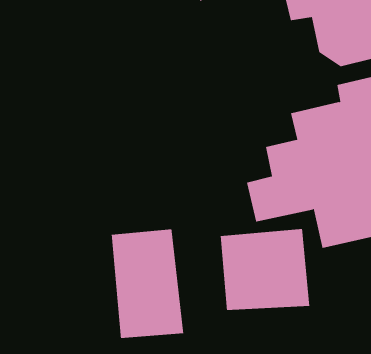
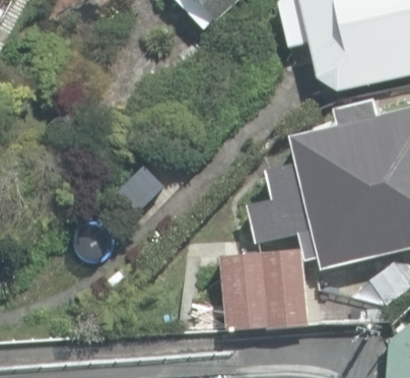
building: [111,228,184,339] -> none

